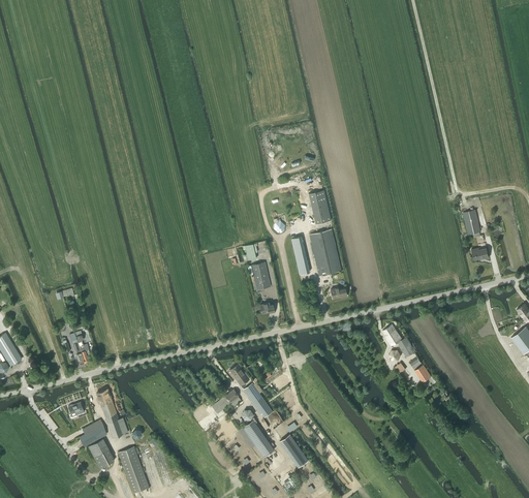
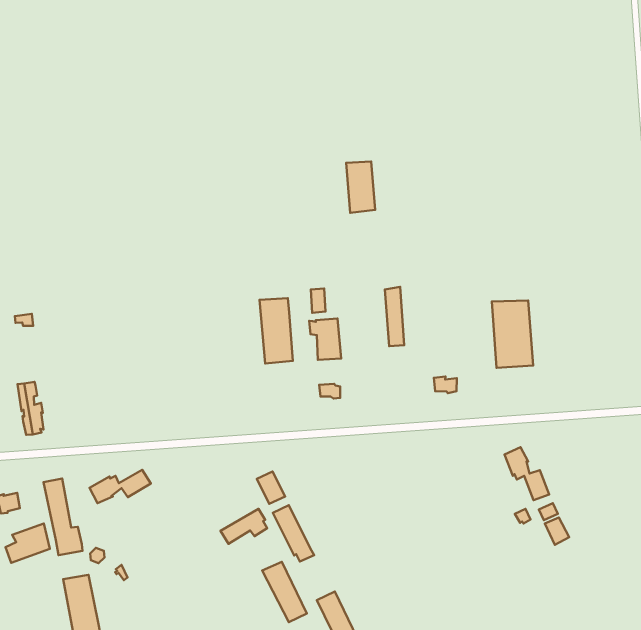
building: [308,190,331,224] -> [346,162,375,213]
building: [309,229,341,275] -> [492,300,533,368]
building: none -> [259,298,293,364]
building: none -> [89,470,151,503]
building: [88,438,114,468] -> none

